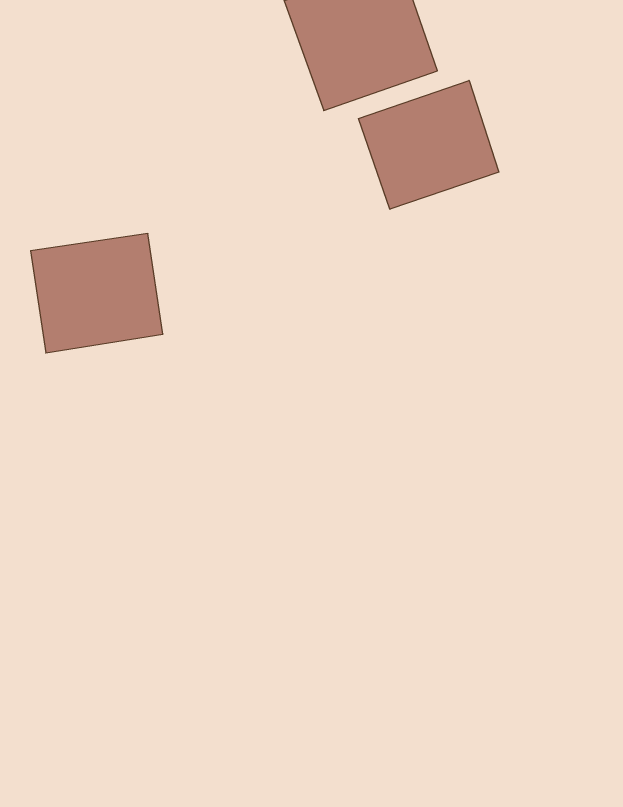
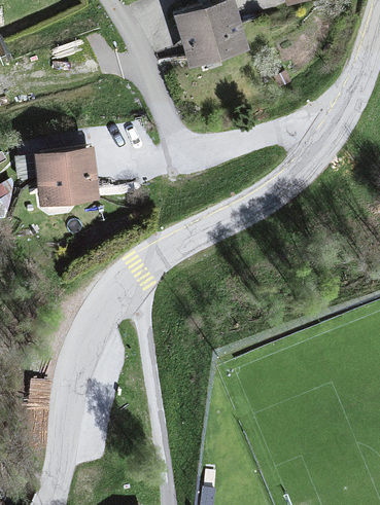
building: [359,80,499,209] -> none

